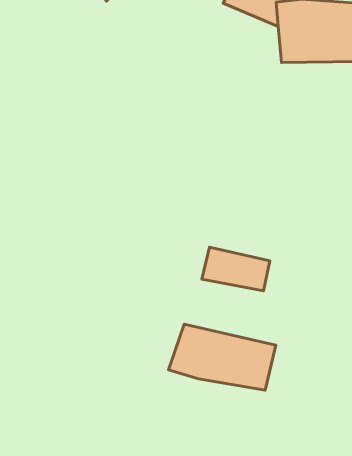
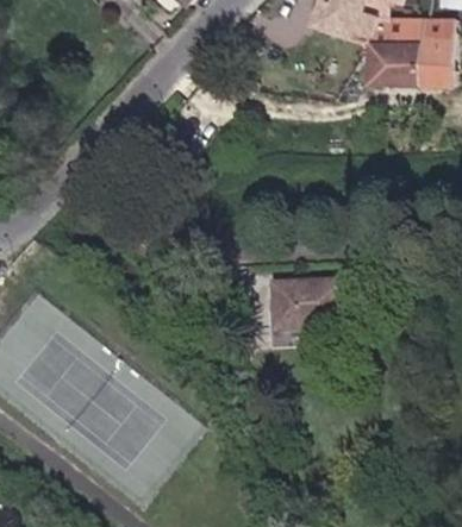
building: [168,324,276,390] -> none

